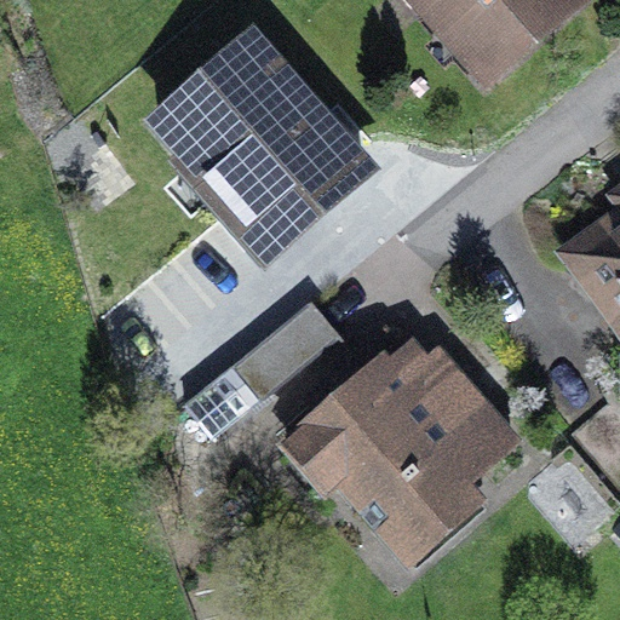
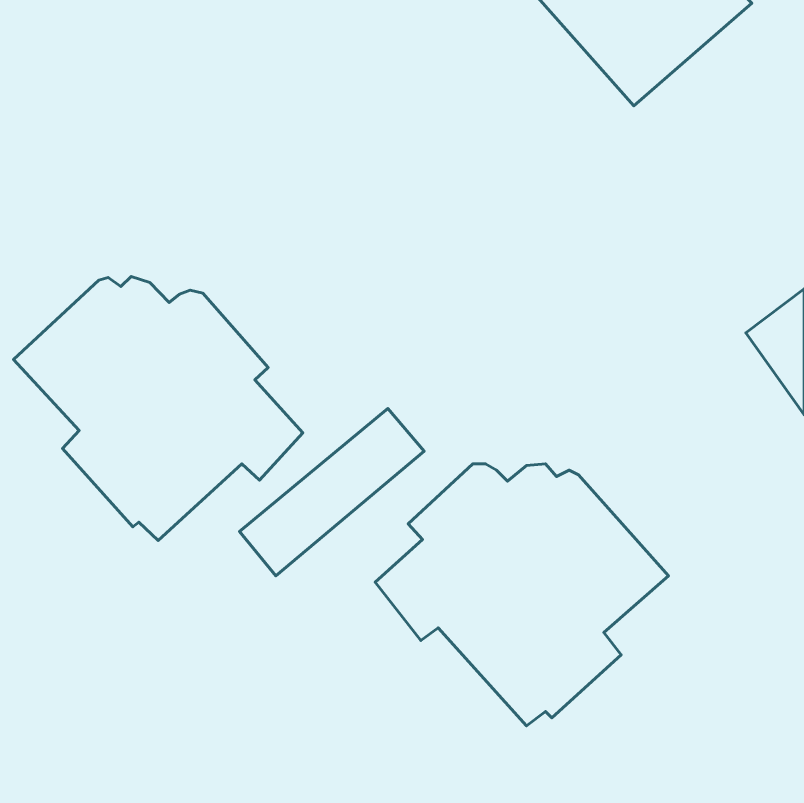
building: [160,44,364,239] -> none
building: none -> [14,277,303,541]

